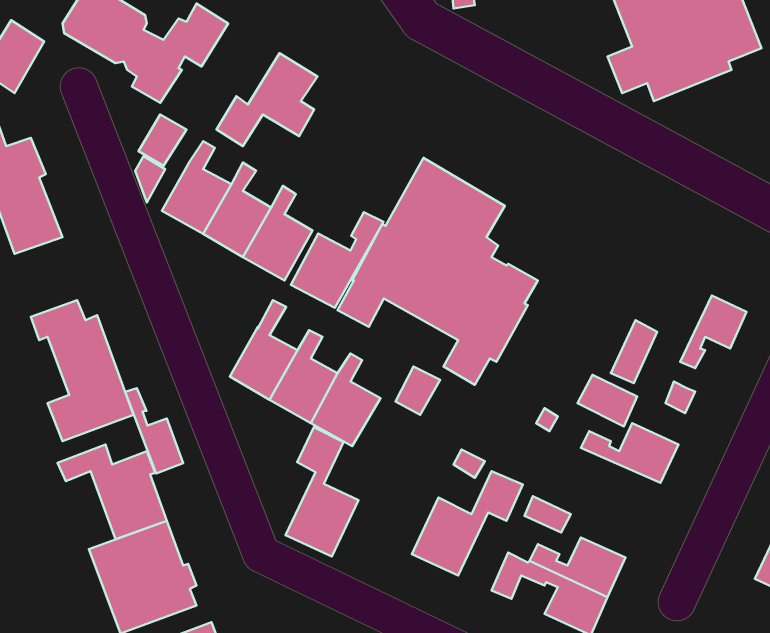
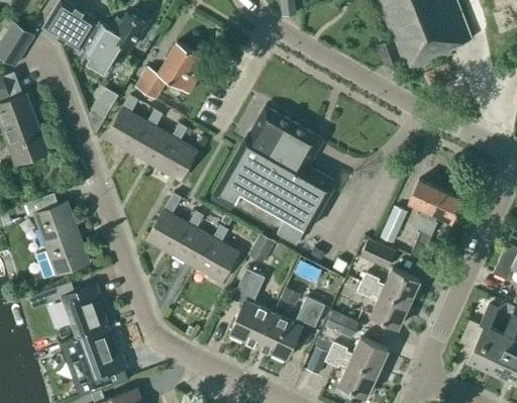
building: [291,212,383,308] -> none
building: none -> [408,180,440,230]
building: [125,388,183,473] -> none
building: [286,427,358,557] -> [229,269,274,347]
building: none -> [356,283,409,328]

